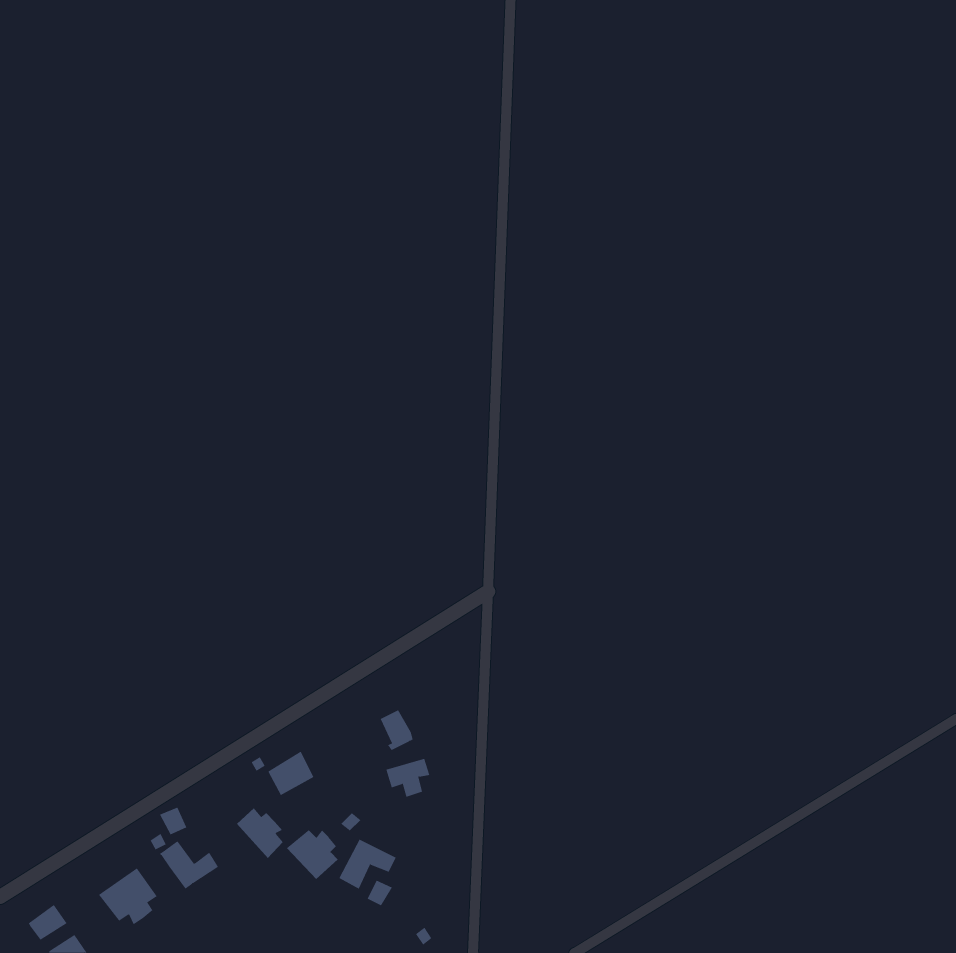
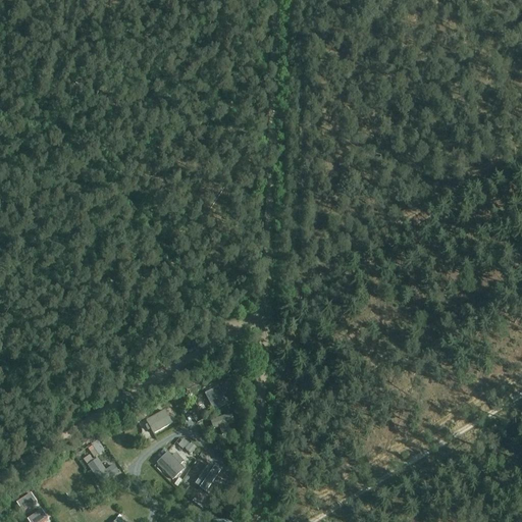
building: [236,808,284,859] -> none
building: [98,868,158,925] -> none

